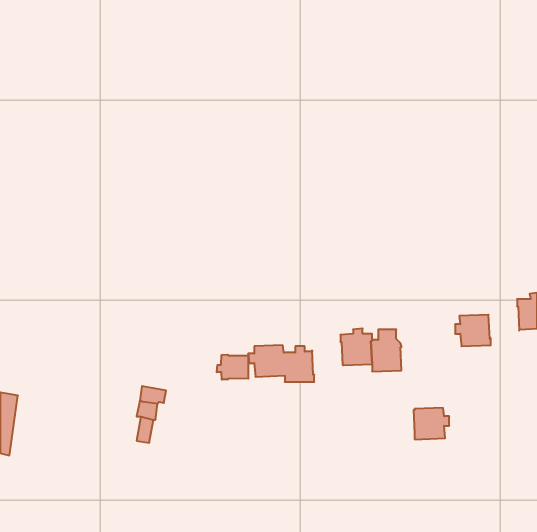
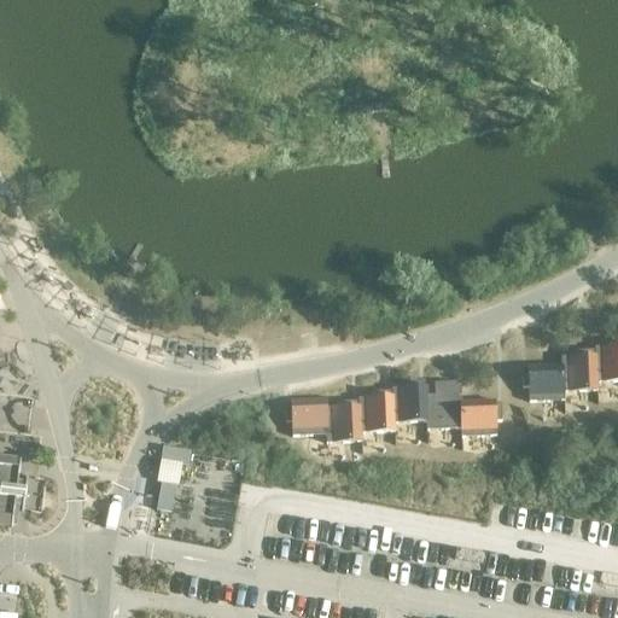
building: none -> [561,348,597,390]
building: none -> [358,387,395,431]
building: [217,355,248,380] -> none
building: [414,408,449,439] -> [460,397,501,433]

